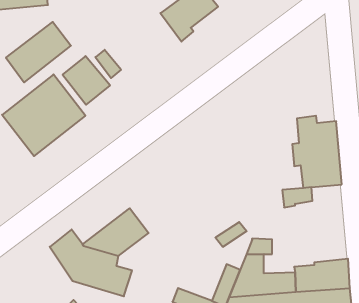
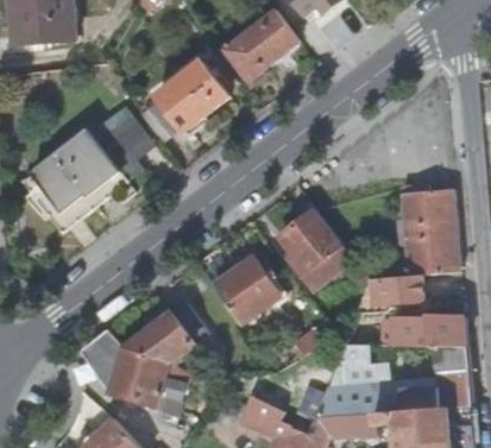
building: [6,22,71,82] -> [158,51,243,130]
building: none -> [278,196,340,276]
building: none -> [213,254,281,322]
building: none -> [391,316,464,346]

